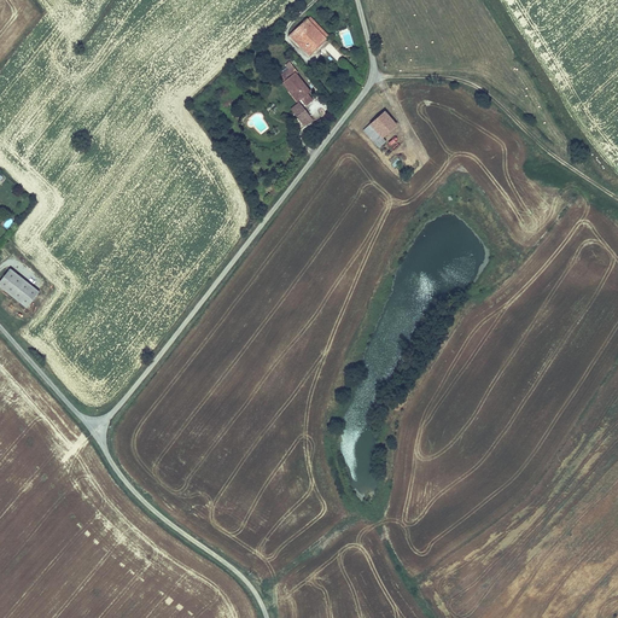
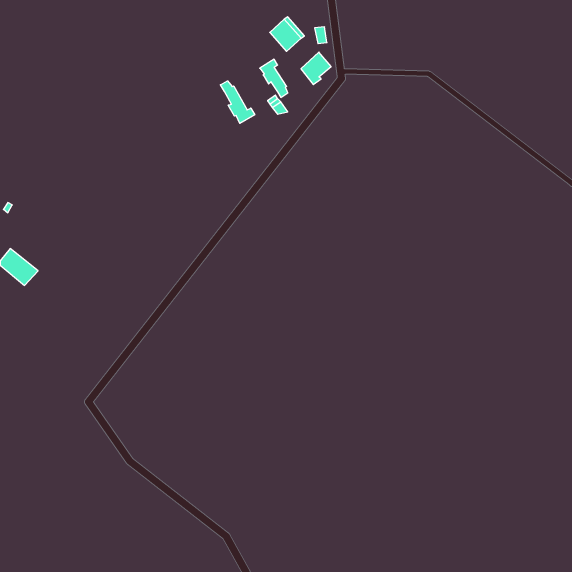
building: none -> [220,81,255,123]
building: [365,112,397,147] -> [301,52,331,85]

